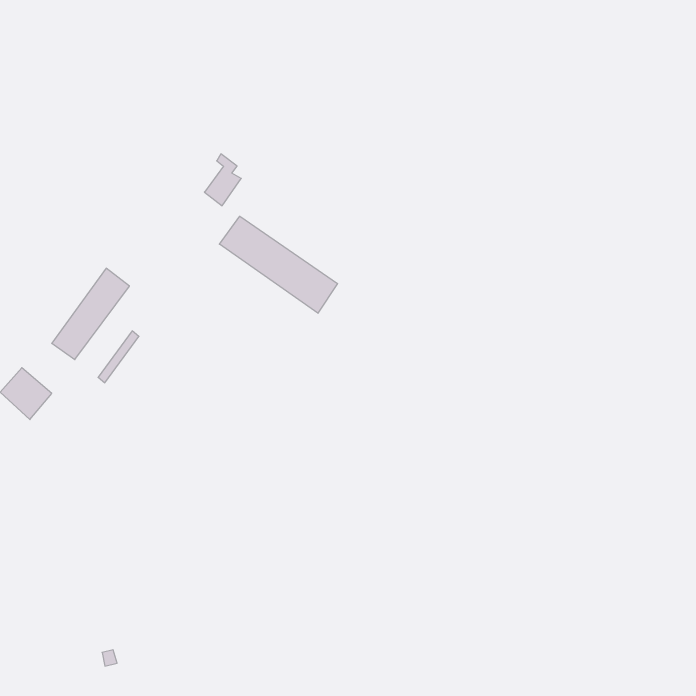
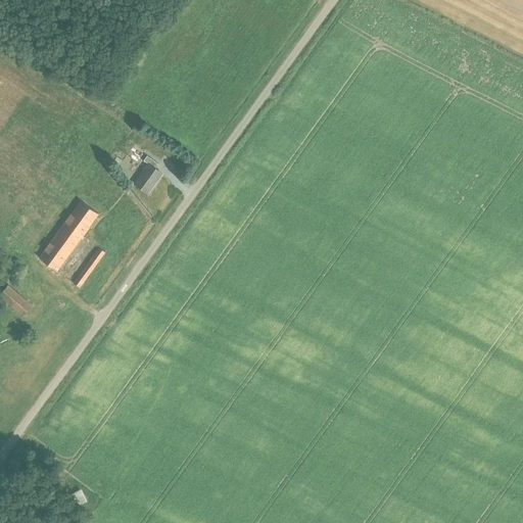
building: [204,154,241,206] -> [133,156,160,195]
building: [219,216,338,313] -> none

